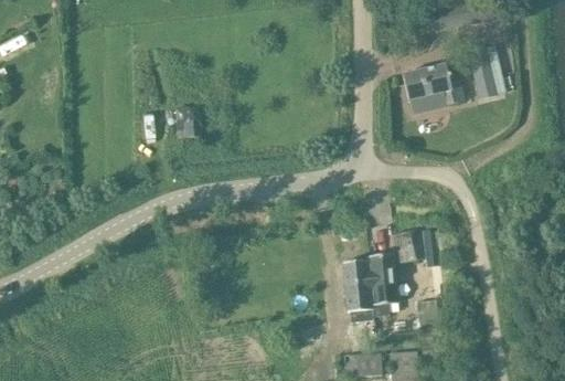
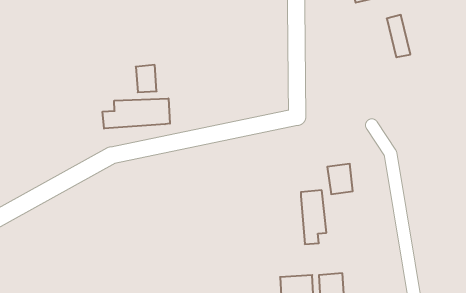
building: [403,65,465,105] -> none
building: none -> [103,98,170,129]
building: [343,261,374,322] -> none

